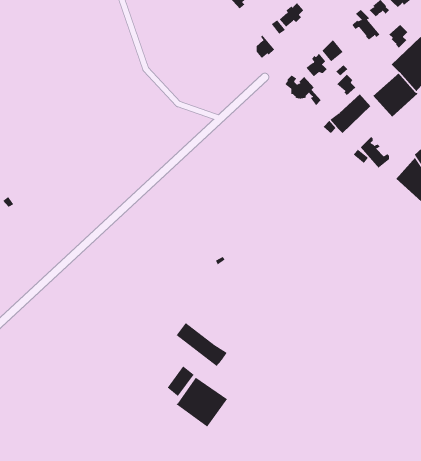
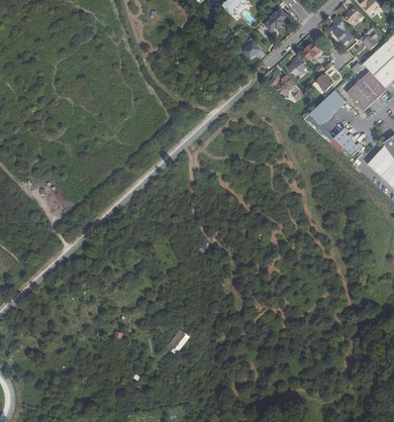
building: [176,322,227,367] -> none
building: [175,377,228,428] -> none

